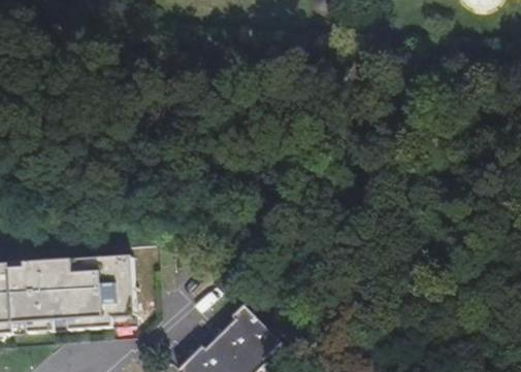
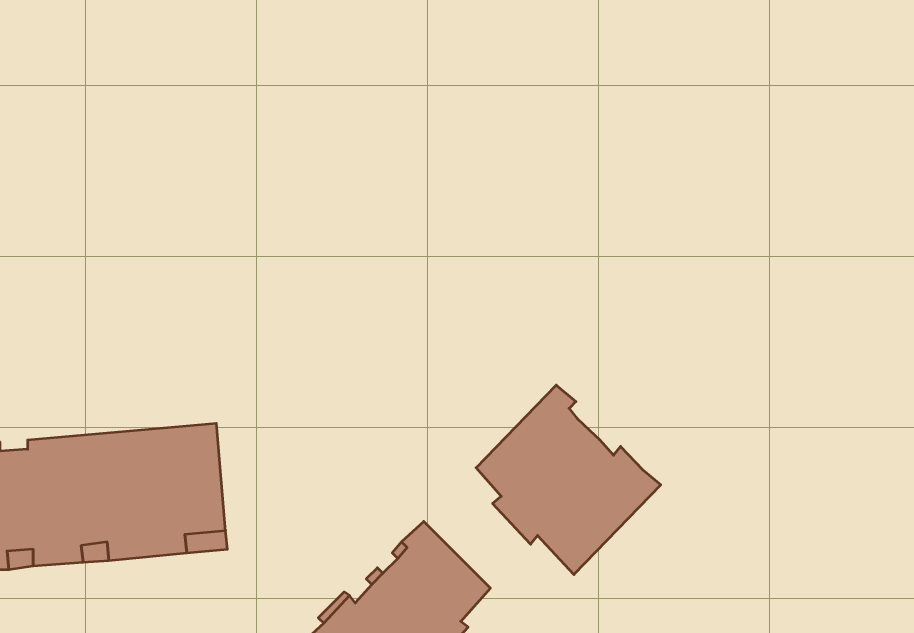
building: none -> [476,385,661,575]

